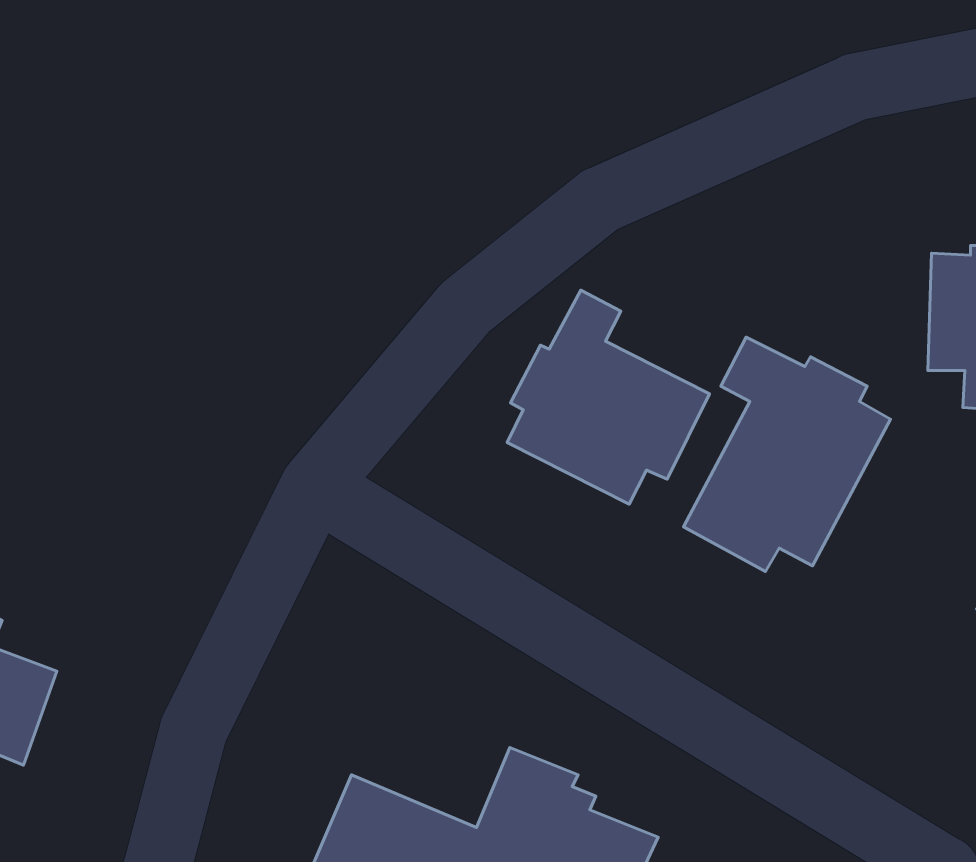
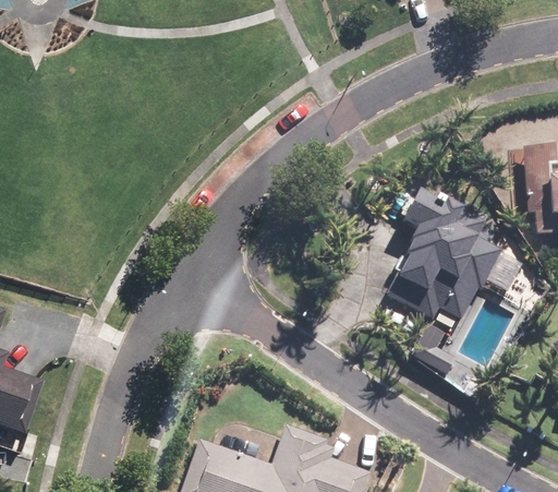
building: [507,290,710,504] -> none

